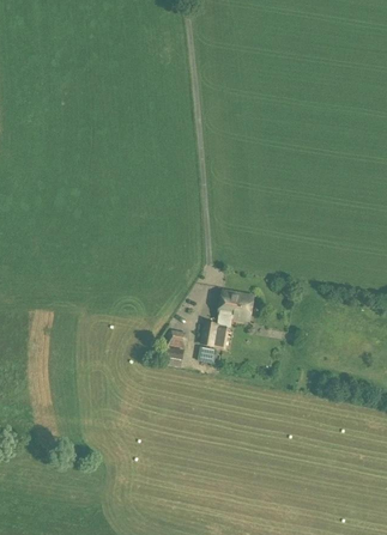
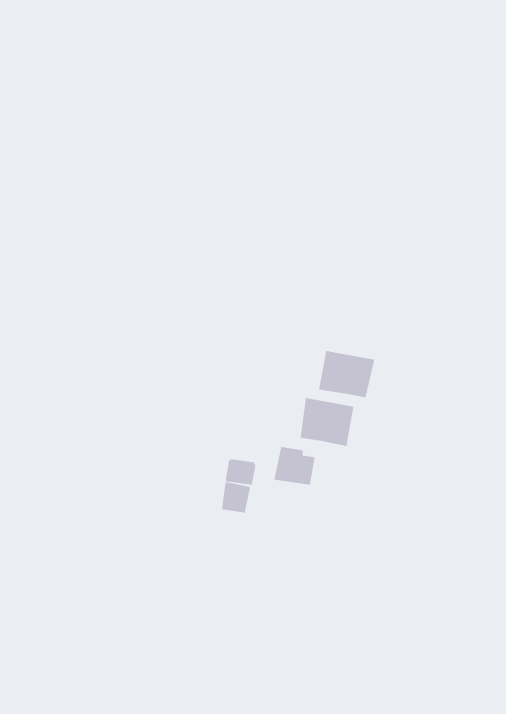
building: none -> [318,350,375,398]

